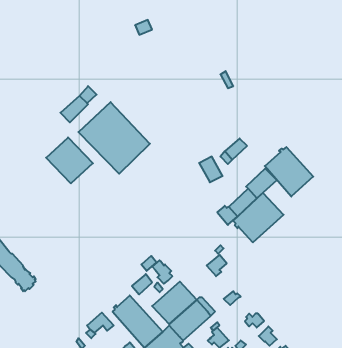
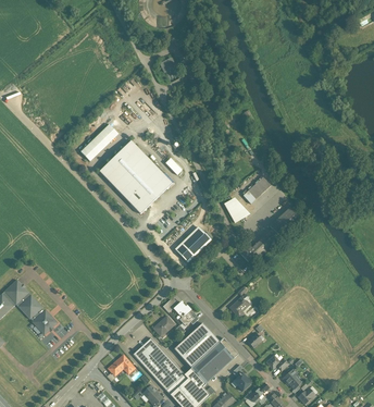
building: [46,137,93,183] -> none
building: [265,147,313,197] -> none
building: none -> [175,226,211,262]
building: [233,193,284,242] -> none

